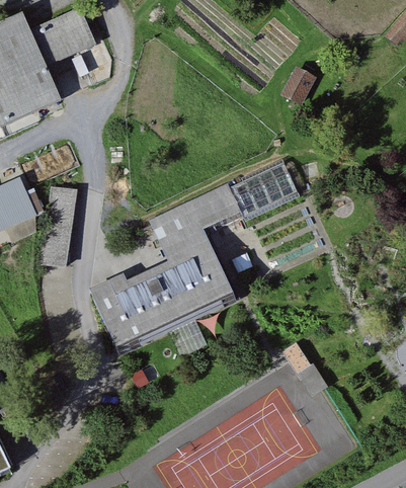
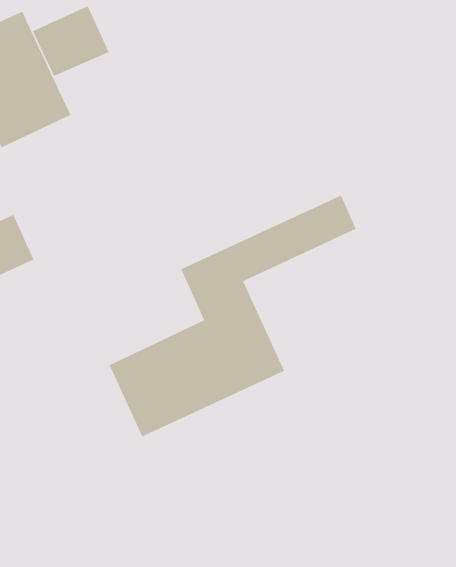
building: [277,64,315,106] -> none
building: [46,184,71,264] -> none

